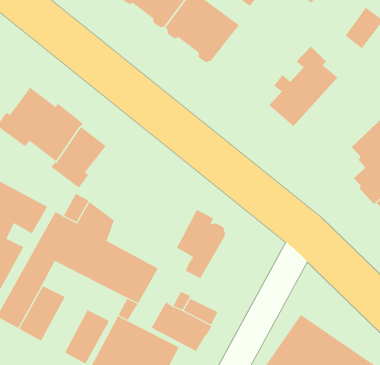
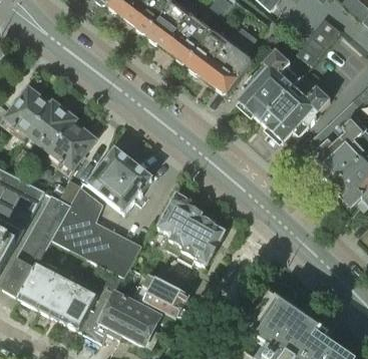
building: none -> [188,27,257,95]
building: none -> [261,78,330,140]
building: none -> [87,148,152,214]
building: none -> [177,216,225,267]
building: none -> [39,271,79,320]

